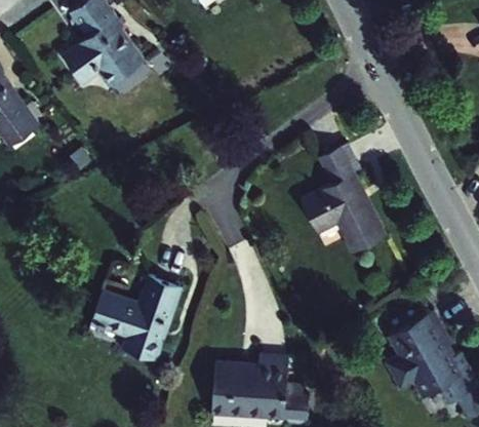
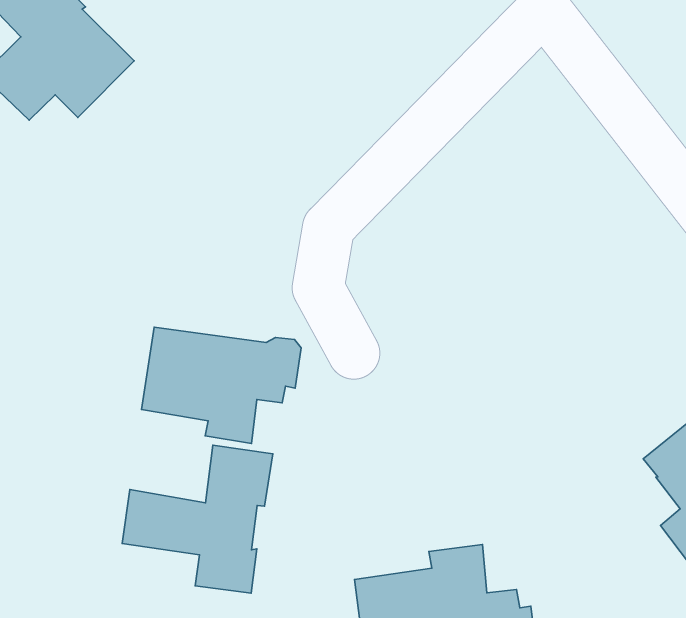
building: [302,145,387,253] -> none
building: none -> [142,327,301,443]

